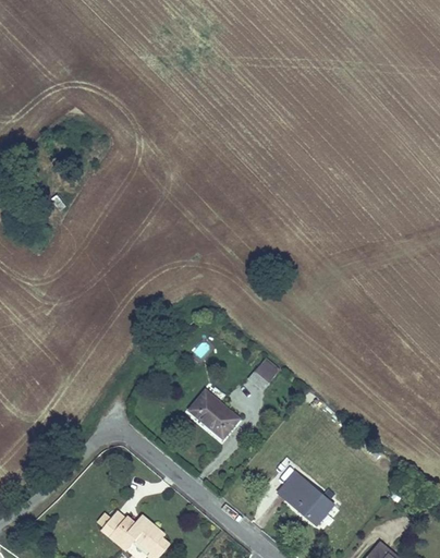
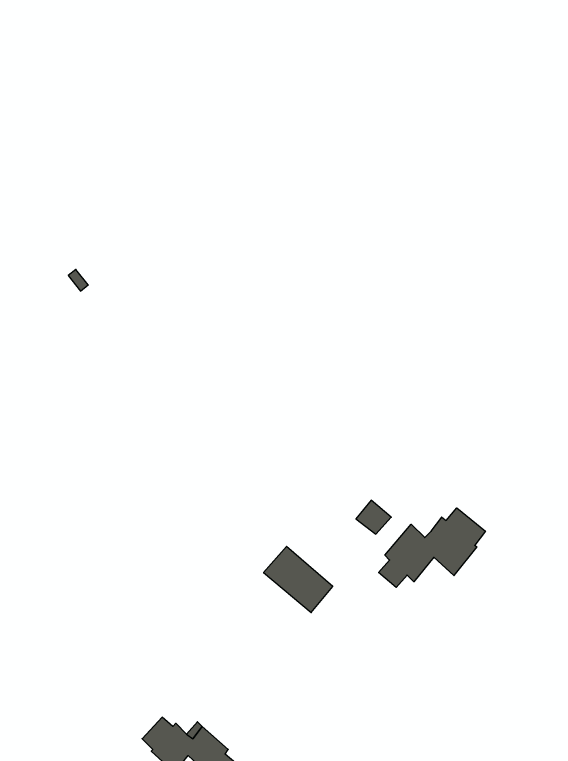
building: none -> [379,508,485,587]
building: [279,474,331,524] -> none

